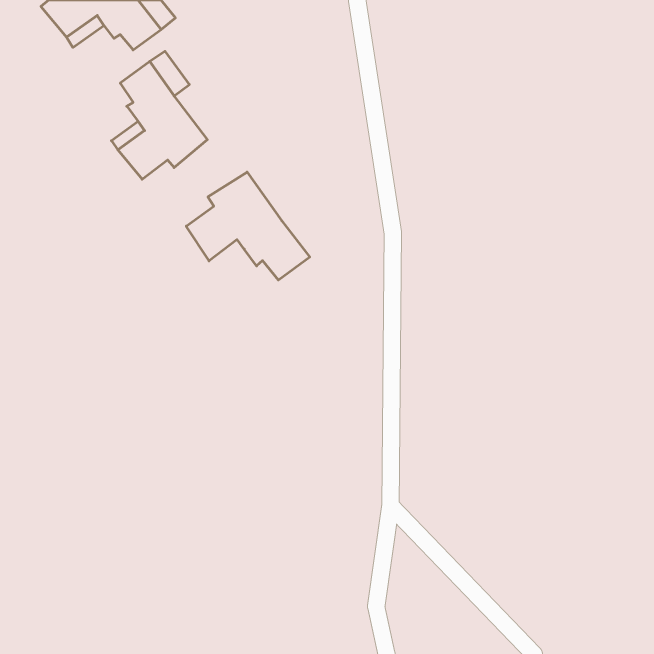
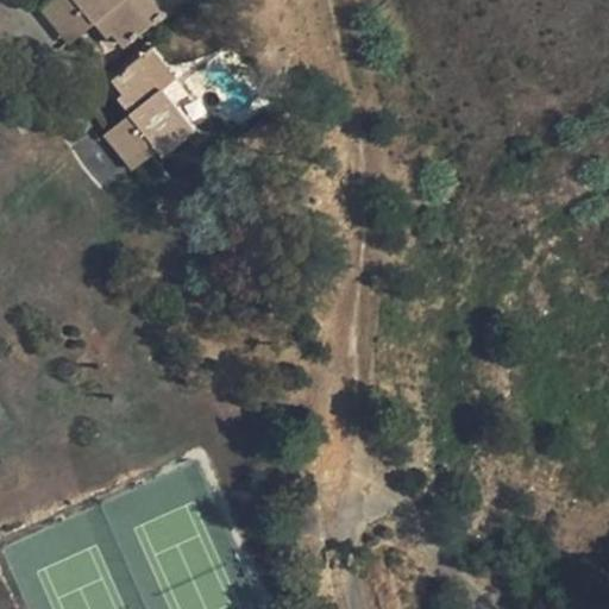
building: [186,172,310,280] -> none

